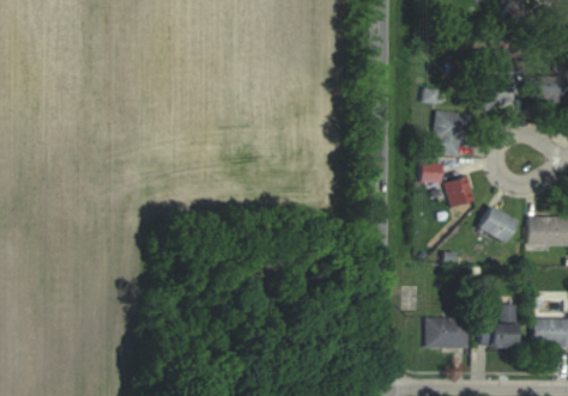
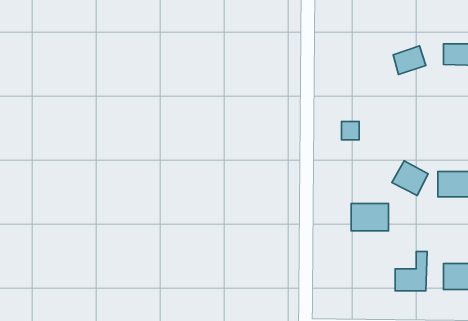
building: [434,111,472,153] -> none
building: [445,175,476,207] -> none
building: [427,317,467,347] -> [351,203,389,231]

